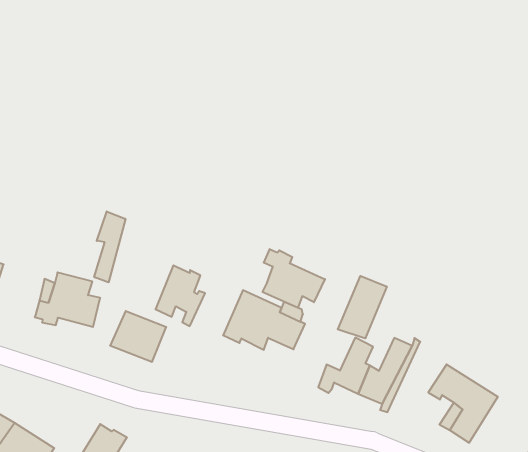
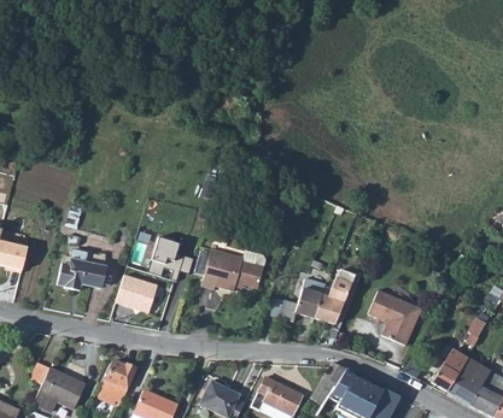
building: [94,211,125,282] -> none
building: [263,249,325,308] -> none
building: [338,276,387,338] -> none

